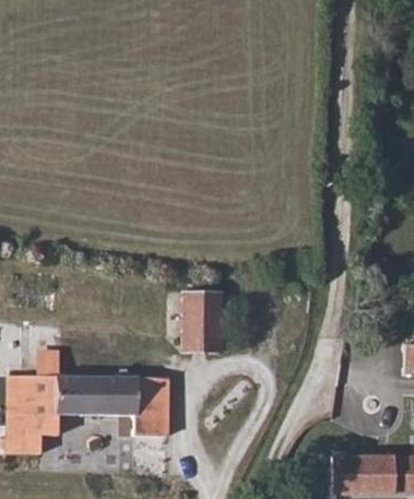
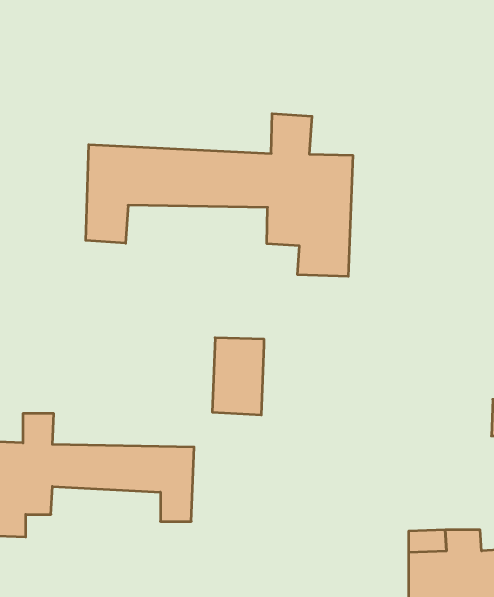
building: none -> [86,114,353,276]

